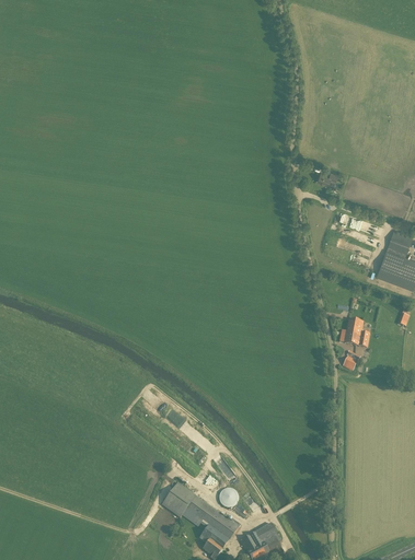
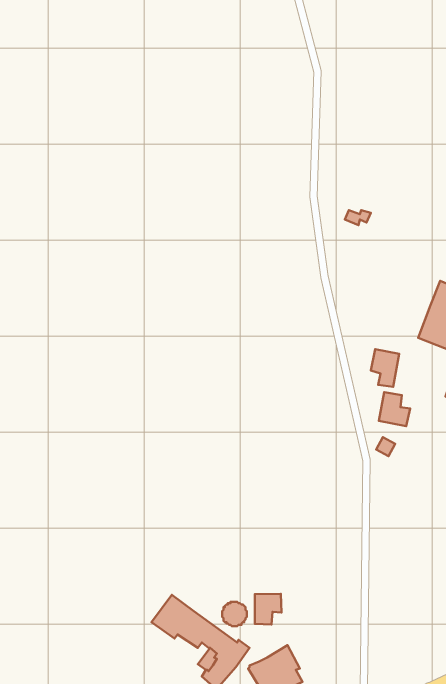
building: none -> [371,349,399,387]
building: none -> [255,594,282,624]

